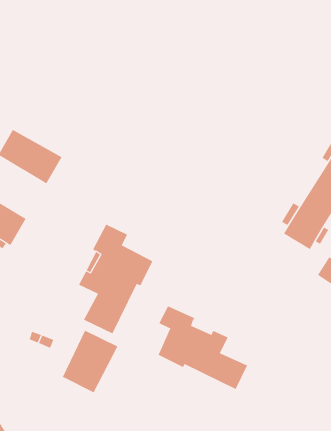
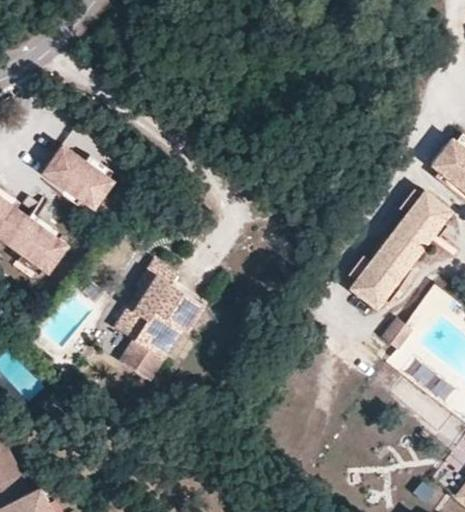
building: [158,305,248,390] -> none
building: [62,330,118,393] -> none

